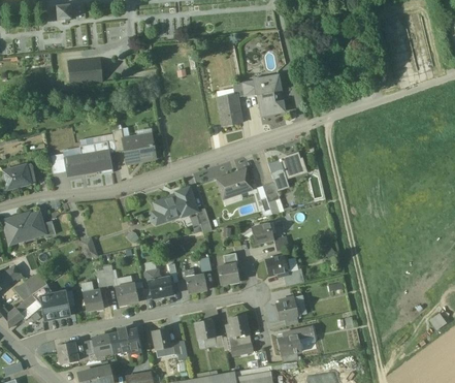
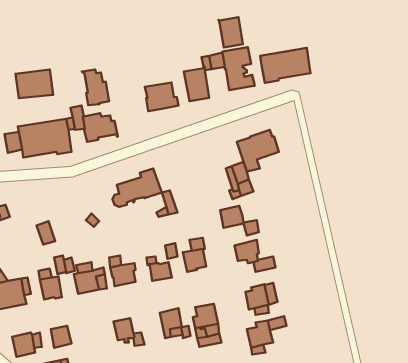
building: none -> [218,17,243,47]
building: [67,58,102,85] -> [16,69,53,98]
building: none -> [260,48,311,83]
building: none -> [82,70,109,105]
building: none -> [145,83,178,111]
building: [216,168,253,199] -> none
building: [108,328,140,353] -> none

